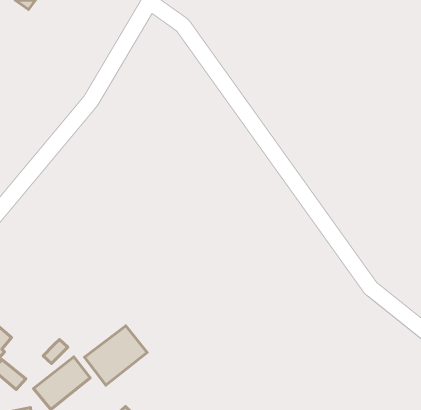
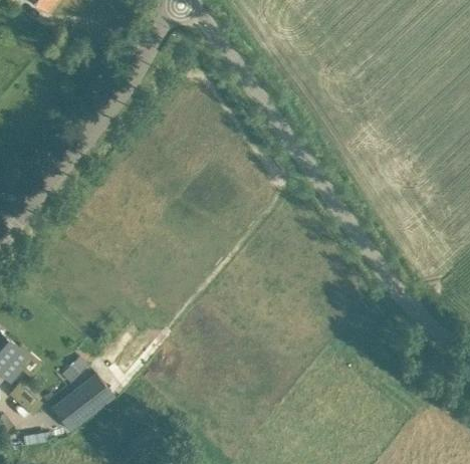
building: [85,326,147,385] -> none

